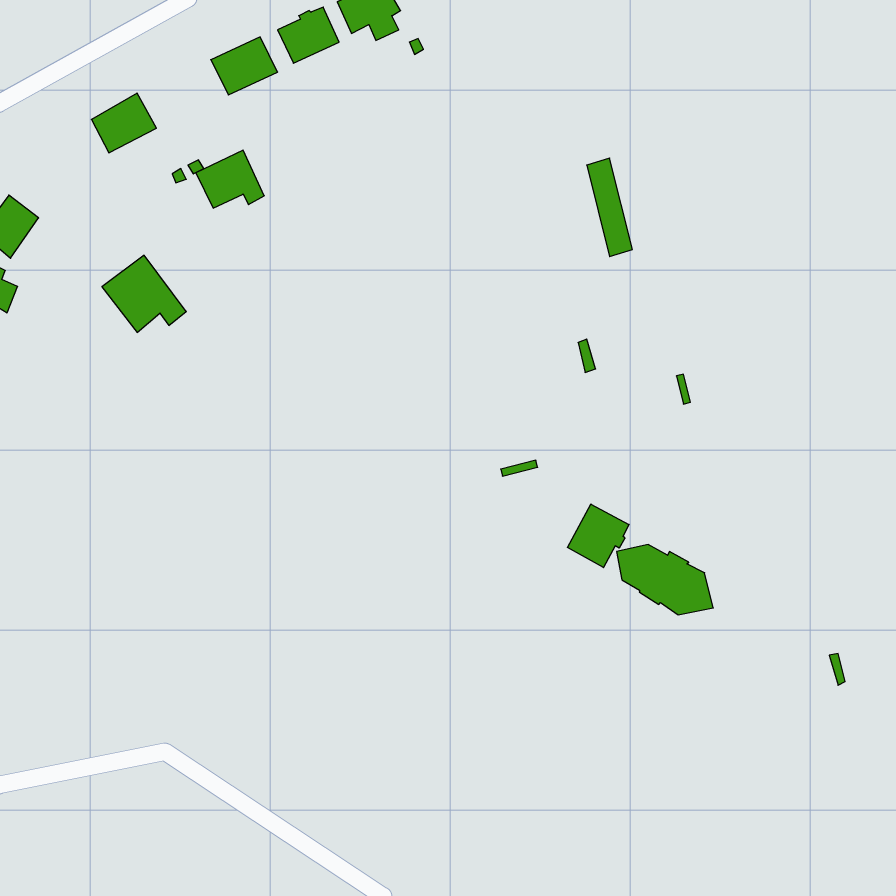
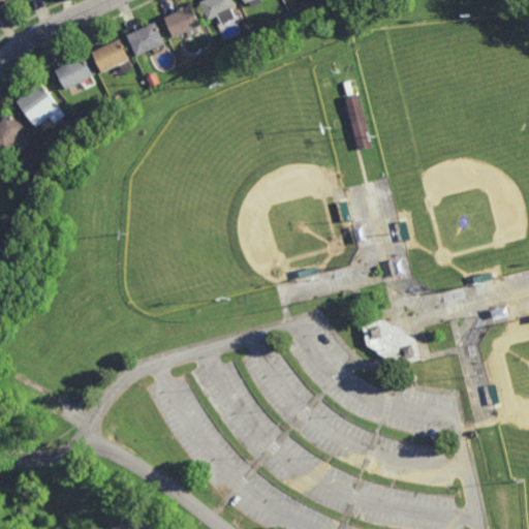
building: [196,150,264,208] -> [90,38,130,72]
building: [102,255,186,332] -> [13,83,63,128]
building: [567,504,629,568] -> none

